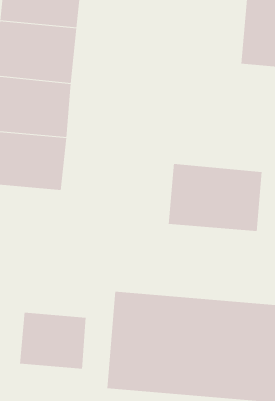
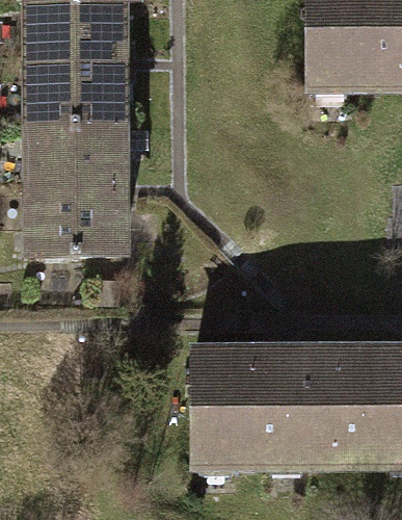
building: [168,163,262,232] -> none
building: [19,312,86,369] -> none

